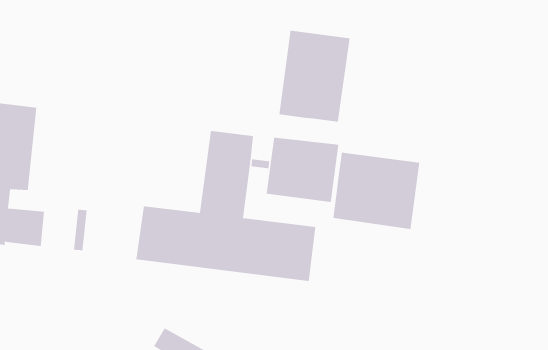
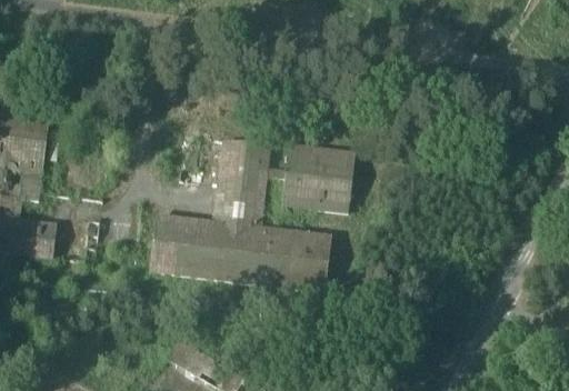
building: [279,30,350,122] -> none
building: [333,152,420,230] -> none

